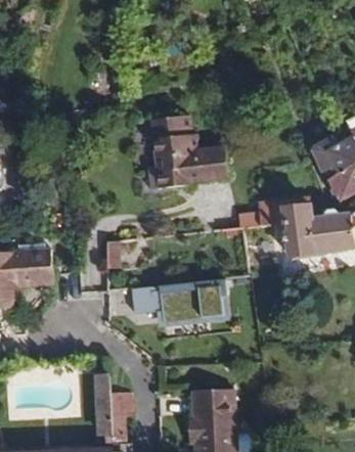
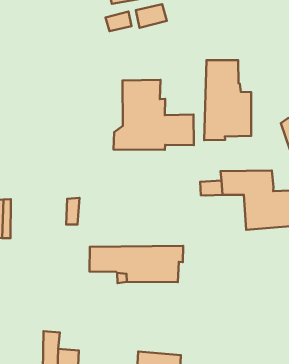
building: none -> [204,60,251,140]

